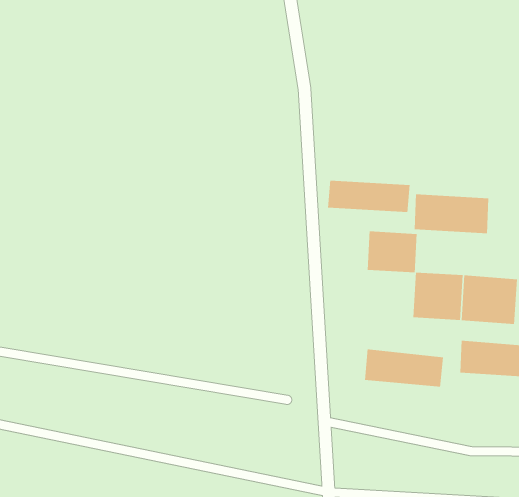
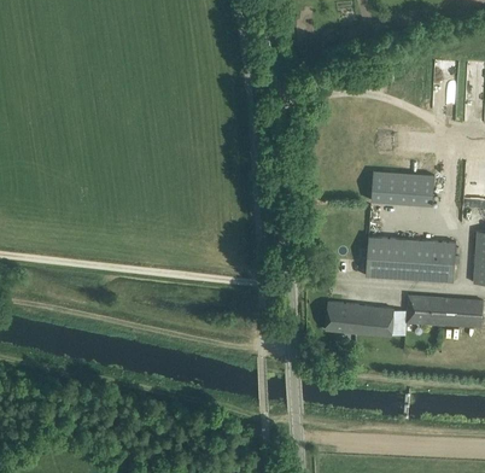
building: [327,180,410,213] -> none
building: [367,231,417,273] -> none

